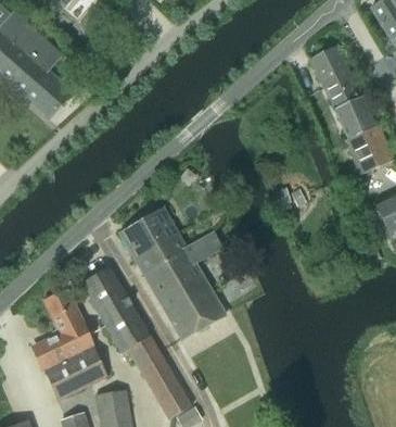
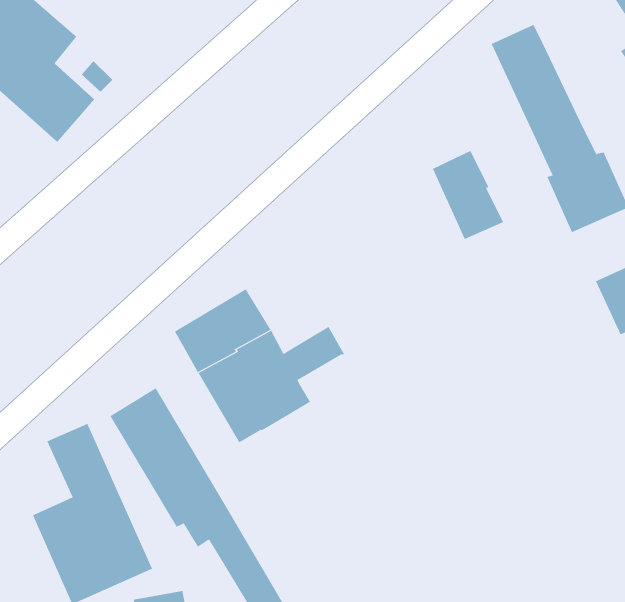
building: none -> [432,150,504,240]
building: [158,247,225,339] -> none

